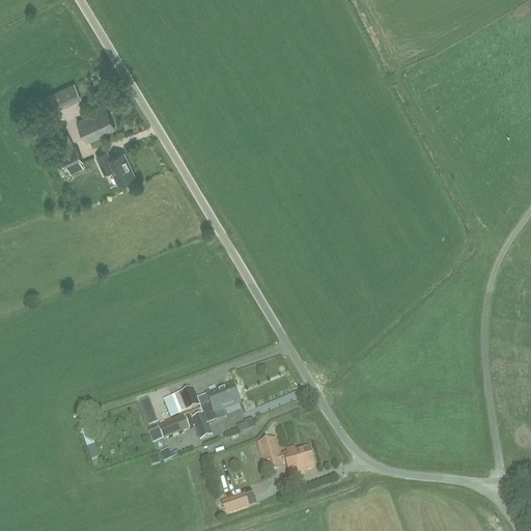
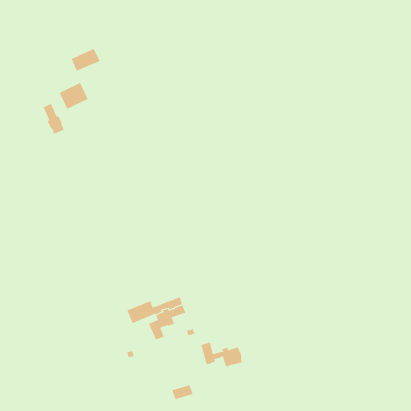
building: [46,83,84,113] -> [71,48,101,72]
building: [95,150,133,181] -> none
building: [157,415,189,439] -> none

